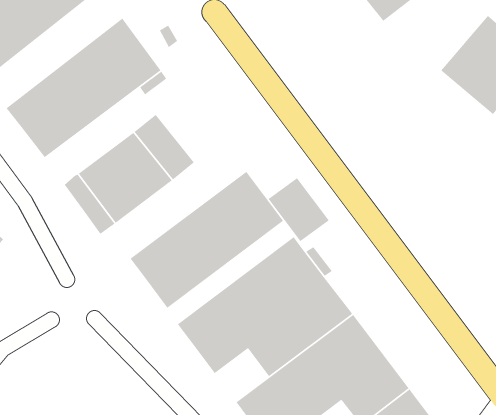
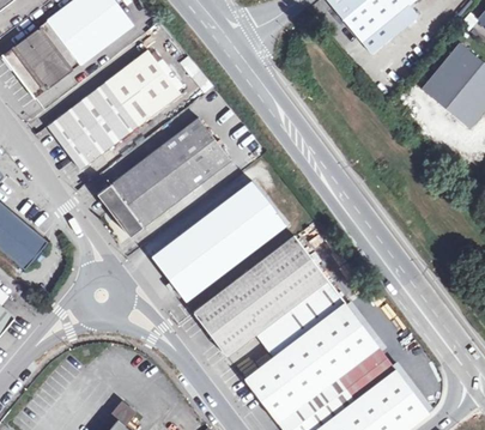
building: none -> [177,111,237,174]
building: [268,177,330,242] -> none

